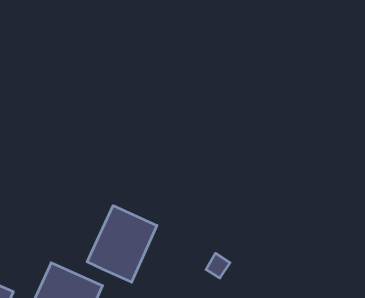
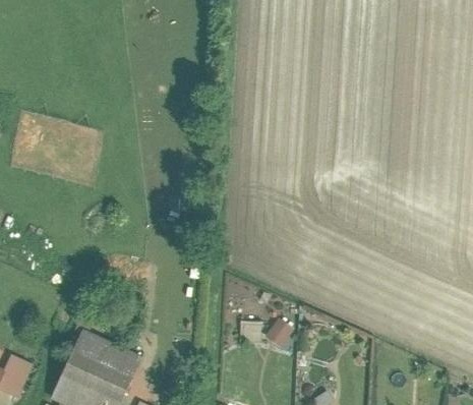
building: [87,206,157,282] -> none

